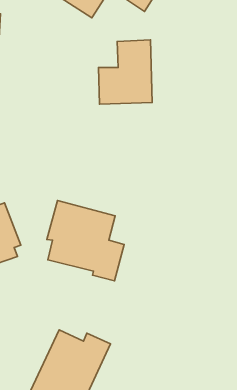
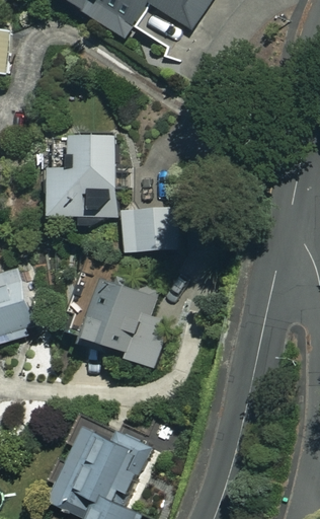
building: [99,40,152,104] -> [50,137,116,217]
building: none -> [121,207,173,250]

